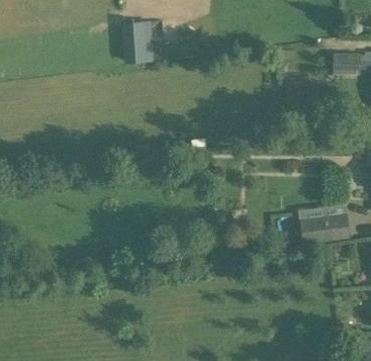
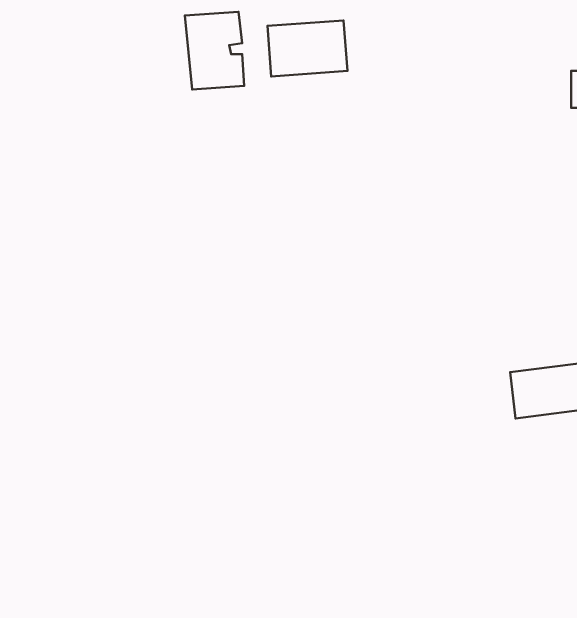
building: none -> [267,20,347,76]

